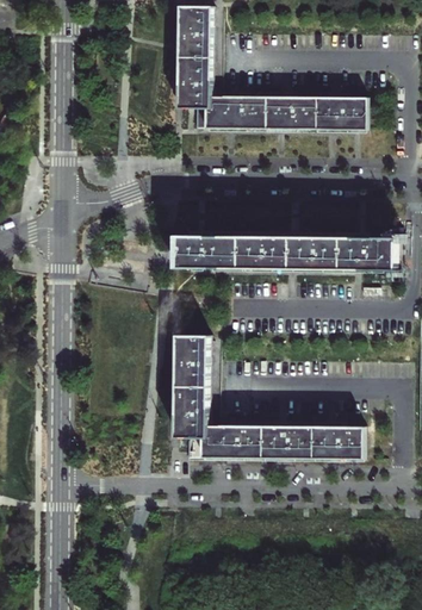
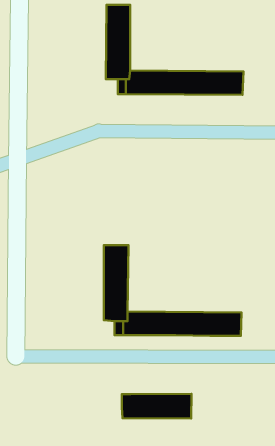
building: [181,236,398,270] -> none
building: none -> [122,394,191,419]

